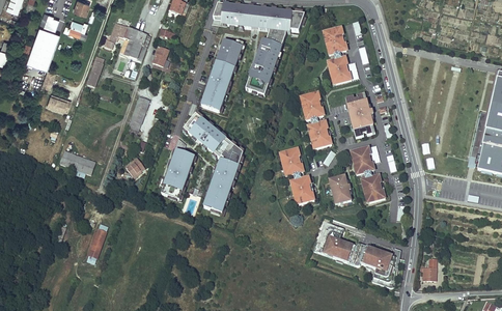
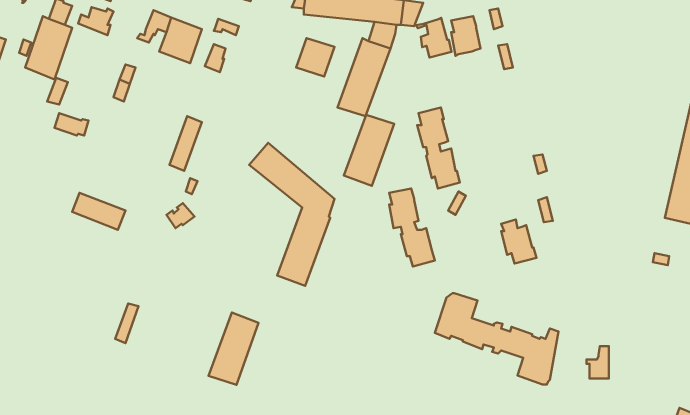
building: [326,55,351,83] -> [416,18,452,58]
building: [200,62,235,112] -> [344,115,394,186]
building: [344,91,374,137] -> none
building: [352,145,373,173] -> none
building: [160,150,195,201] -> [208,313,259,385]
building: [328,173,351,203] -> none

